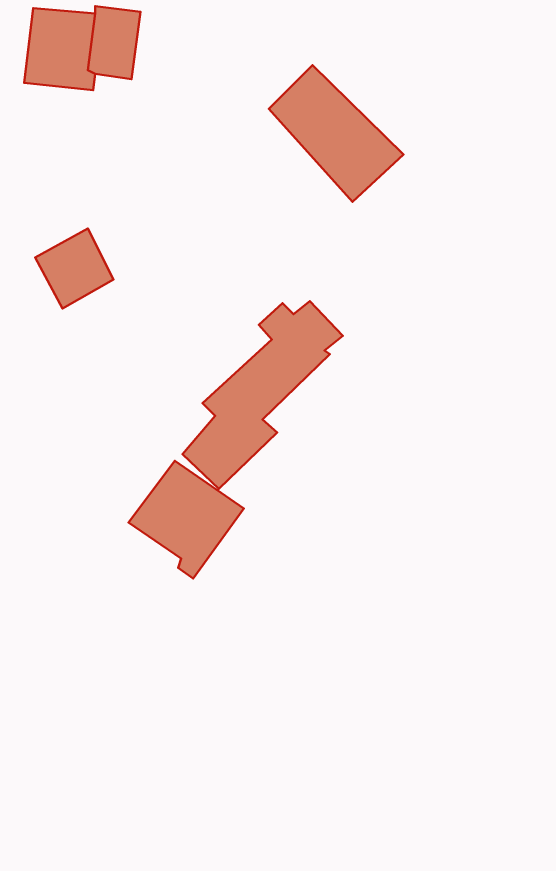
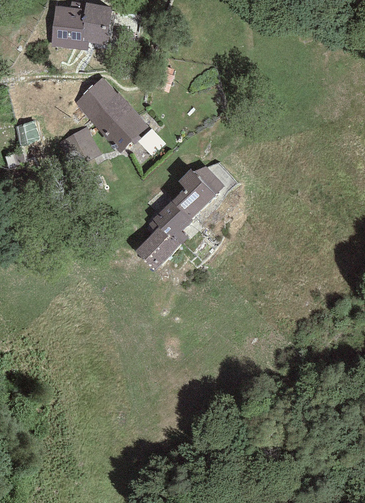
building: [269,65,404,202] -> [76,77,150,152]
building: [129,461,244,579] -> none

